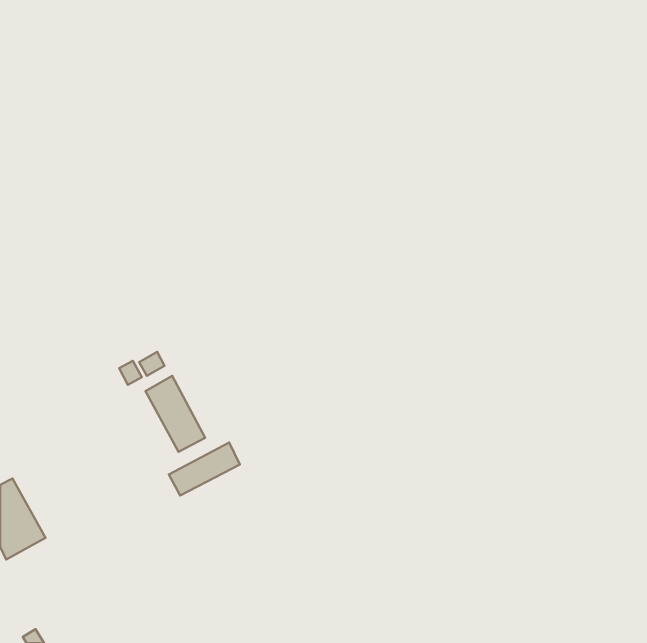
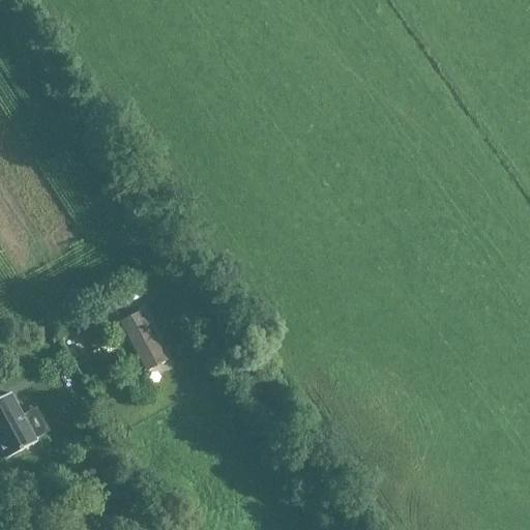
building: [169,442,240,496] -> none

